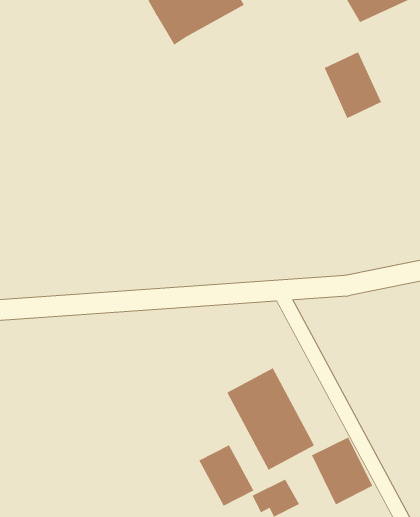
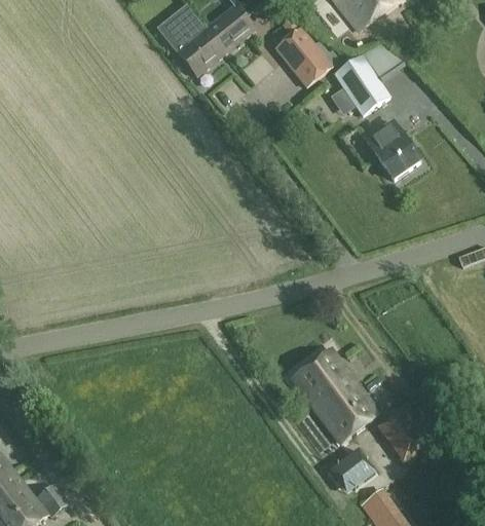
building: none -> [281,24,336,82]
building: none -> [366,122,418,179]
building: [199,444,254,507] -> none

